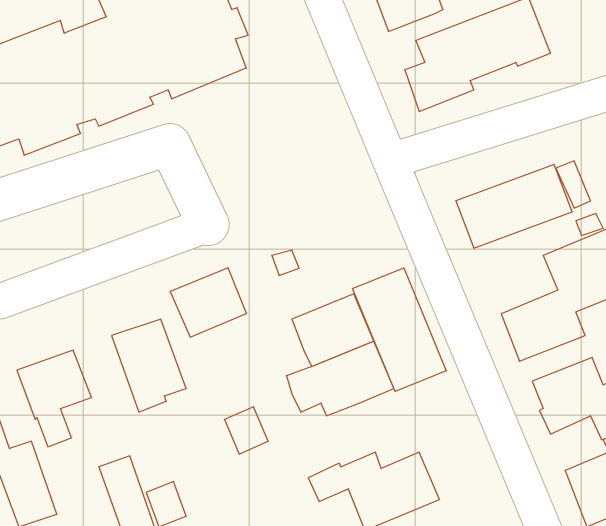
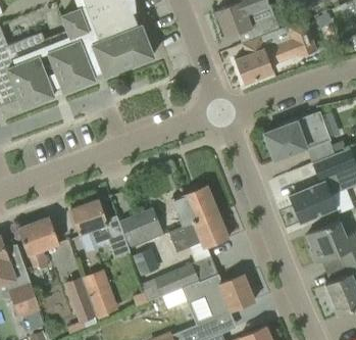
building: [170,268,247,337] -> [120,208,163,247]
building: [353,268,446,391] -> none
building: none -> [155,262,199,296]

